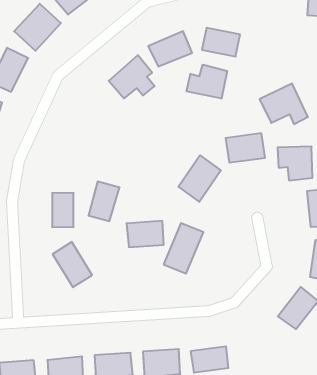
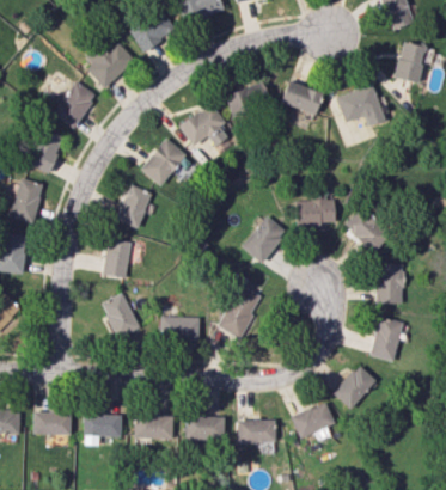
building: [187,65,227,99] -> none
building: [260,83,308,124] -> [336,84,385,127]
building: none -> [141,137,187,186]
building: [88,182,120,221] -> [117,185,153,228]
building: [126,221,164,247] -> [161,316,200,342]
building: none -> [291,402,335,439]

